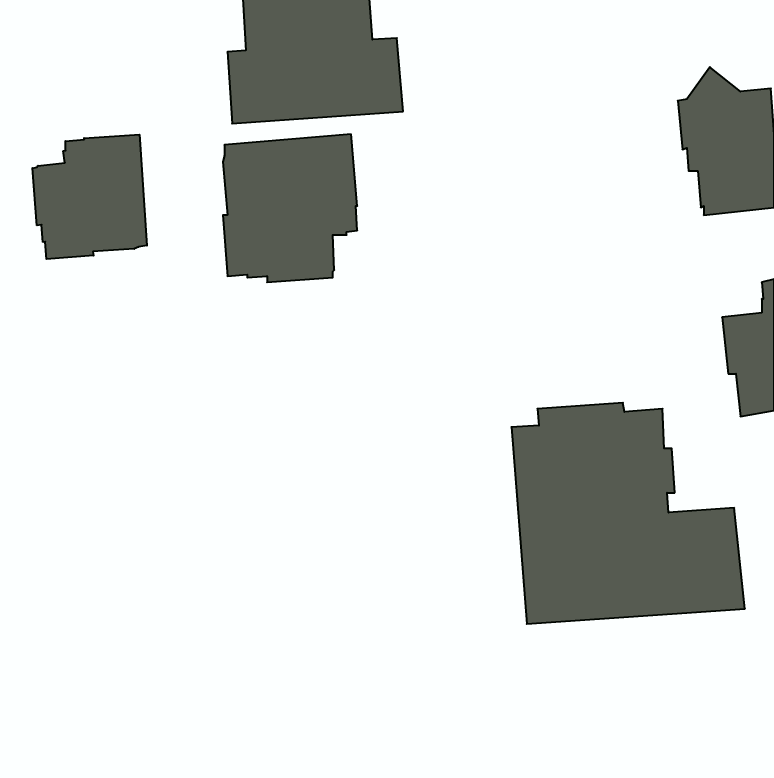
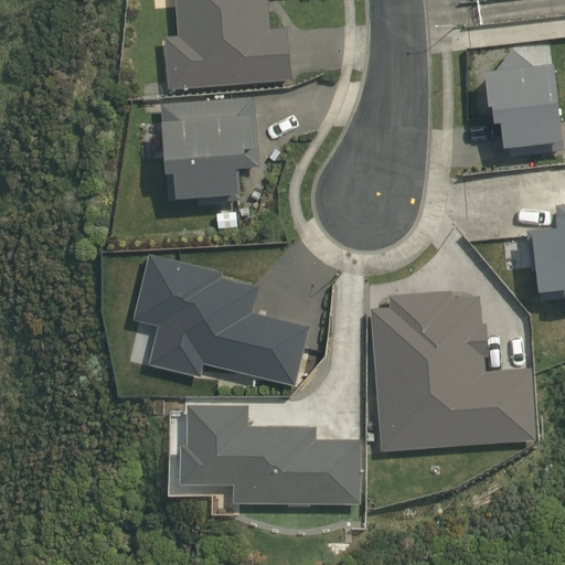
building: [32,135,147,259] -> none
building: none -> [134,254,309,387]
building: none -> [175,404,356,503]

